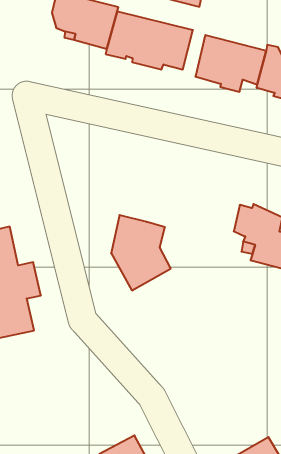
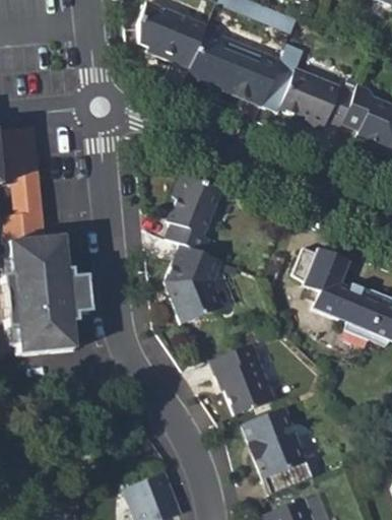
building: none -> [166,175,222,253]
building: none -> [210,342,274,411]
building: none -> [243,406,312,494]

